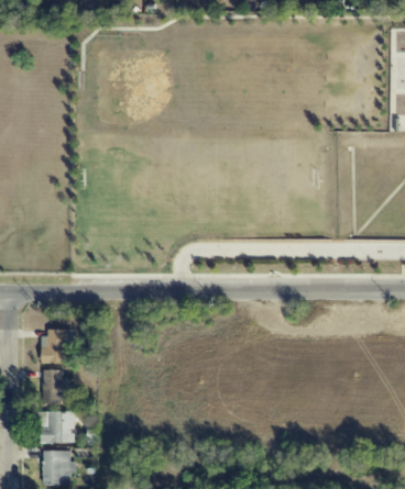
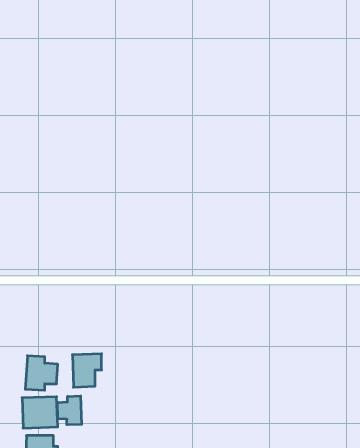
building: [42,329,72,363] -> [72,354,102,387]
building: none -> [58,396,82,425]

